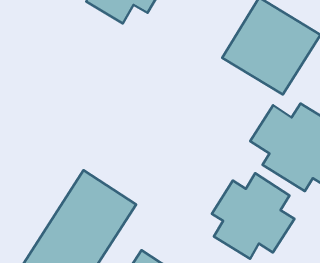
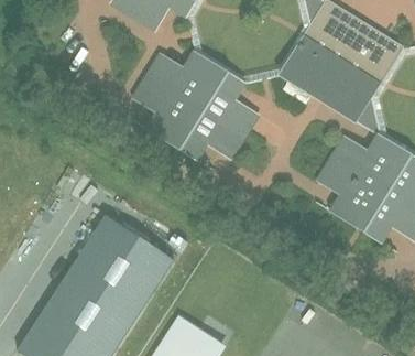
building: none -> [131,50,260,161]
building: [212,173,294,259] -> none

